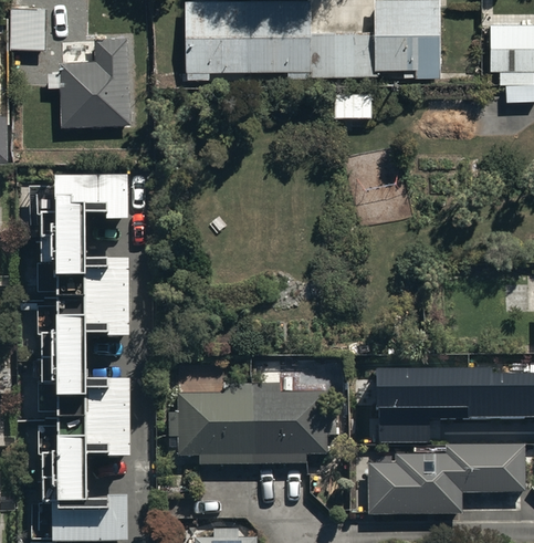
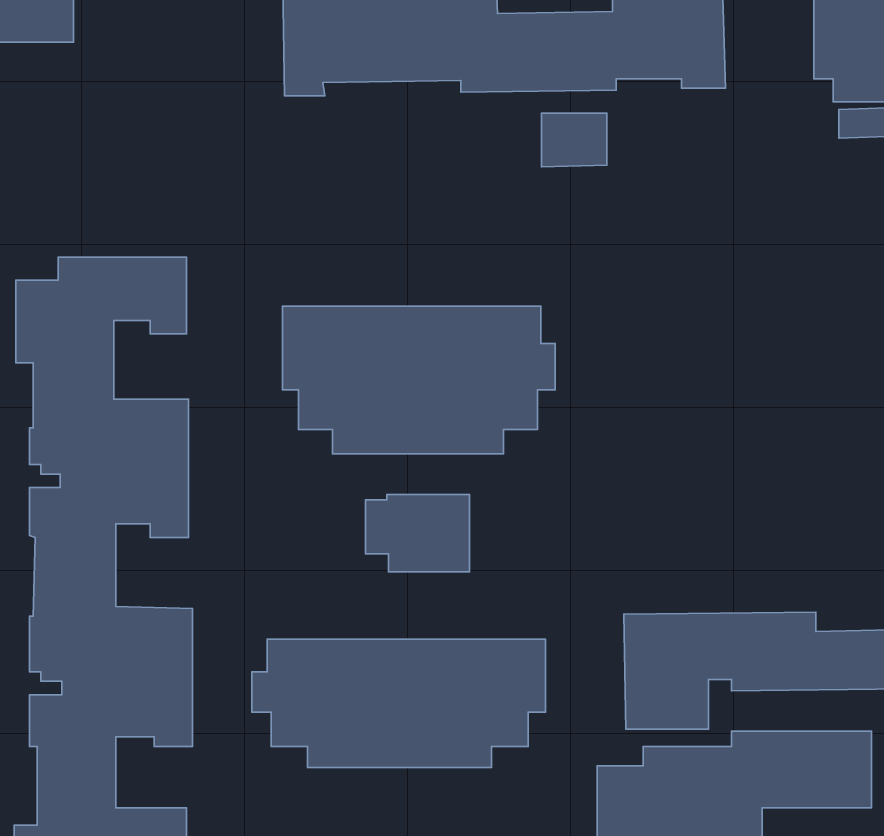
building: [59,35,129,124] -> none
building: none -> [283,306,555,454]
building: none -> [365,494,470,572]

